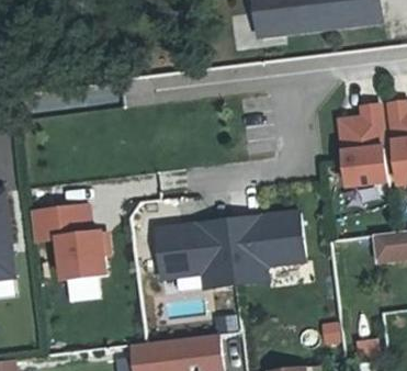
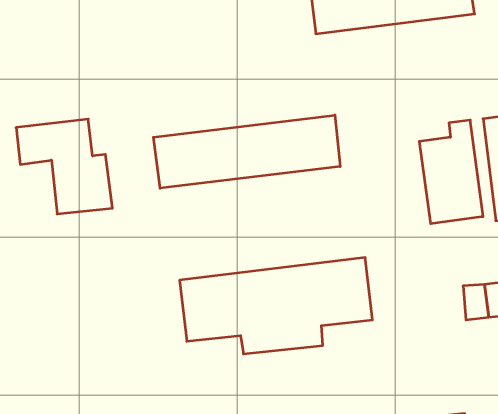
building: none -> [153,115,340,188]
building: [31,205,105,279] -> [16,119,112,214]

